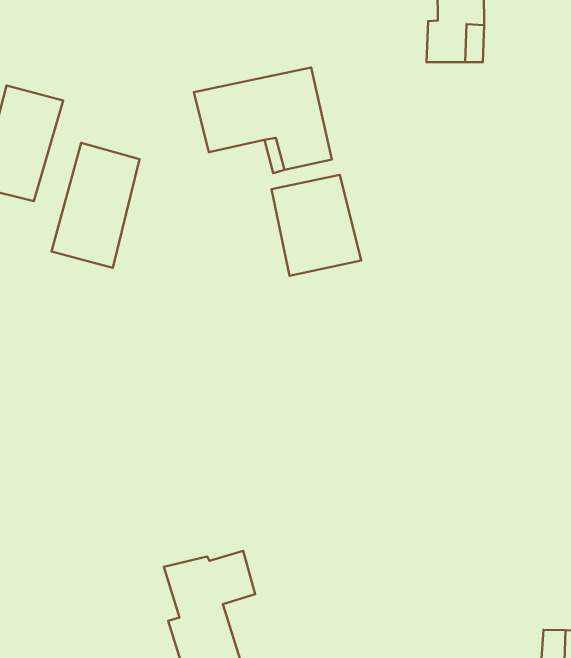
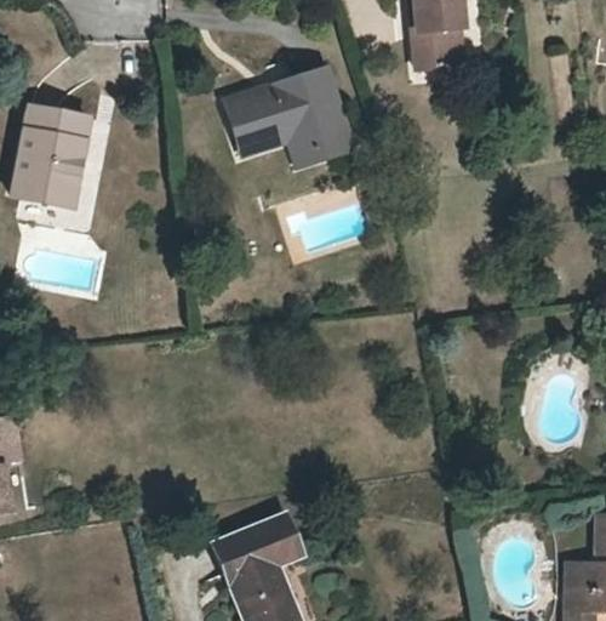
building: [51,143,139,268] -> none
building: [272,175,361,276] -> none

